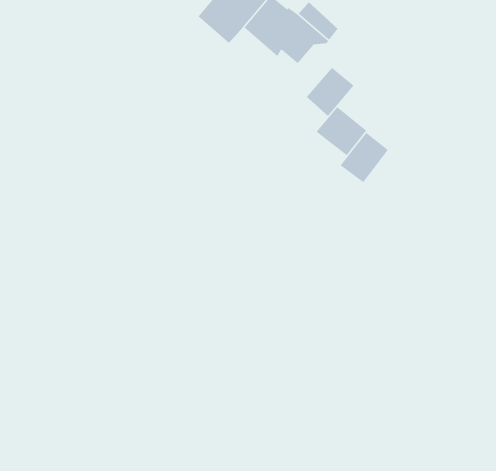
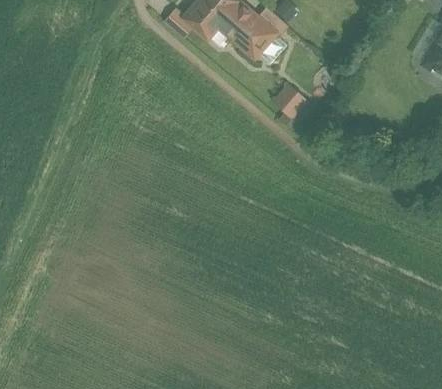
building: [306,67,354,117] -> none
building: [339,132,389,183] -> none

